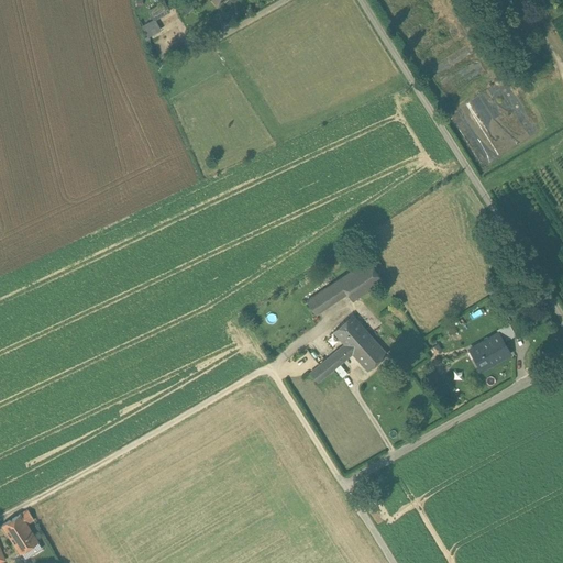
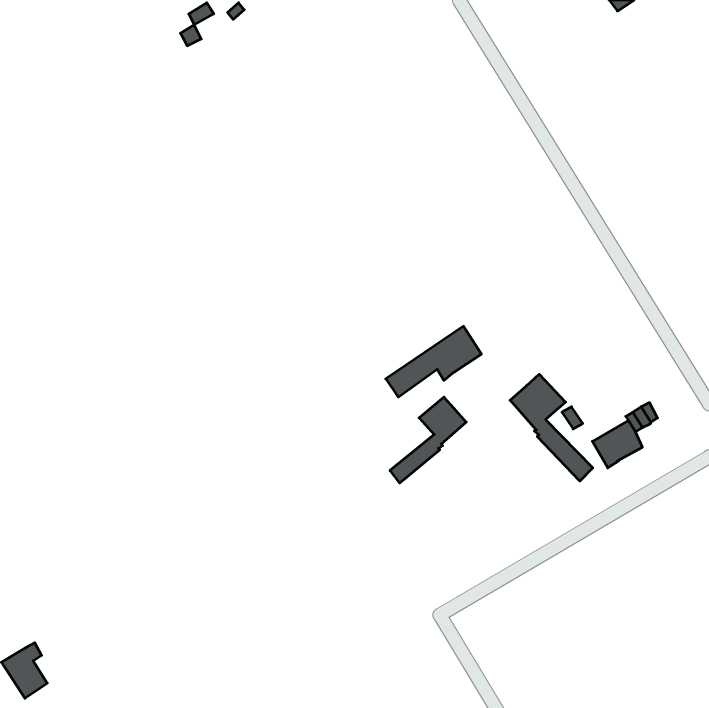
building: none -> [510,374,593,481]
building: [350,335,387,372] -> none

